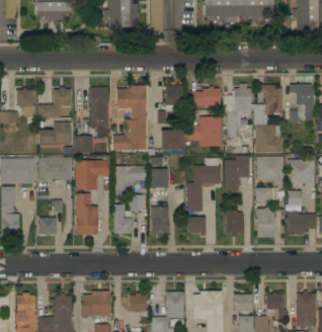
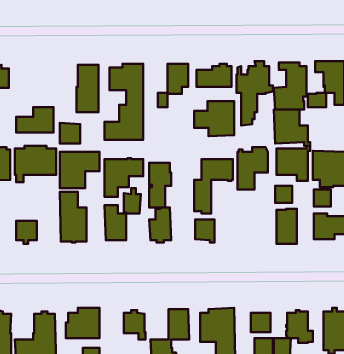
building: [38,87,72,118] -> none
building: [162,131,183,150] -> none
building: [226,212,243,237] -> none

